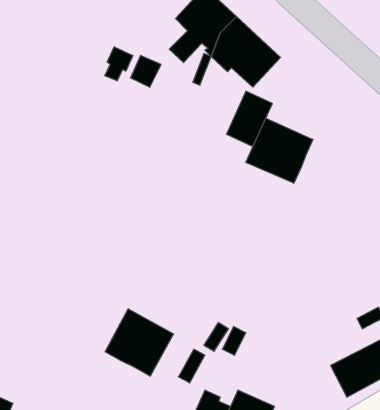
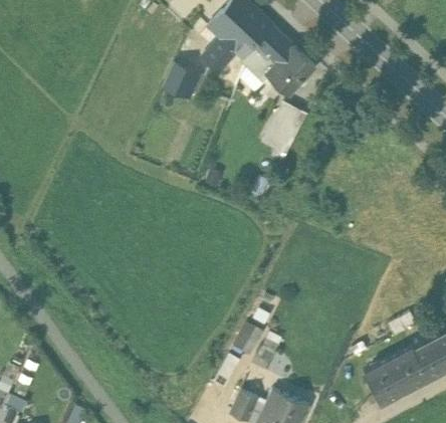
building: [105,47,133,81] -> none
building: [246,118,313,183] -> none
building: [105,309,174,376] -> none

